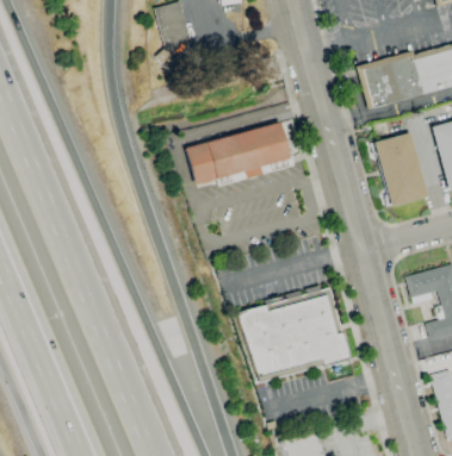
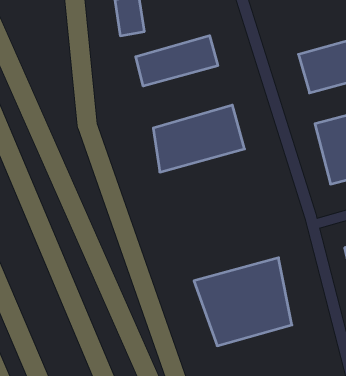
building: none -> [136,36,218,86]

